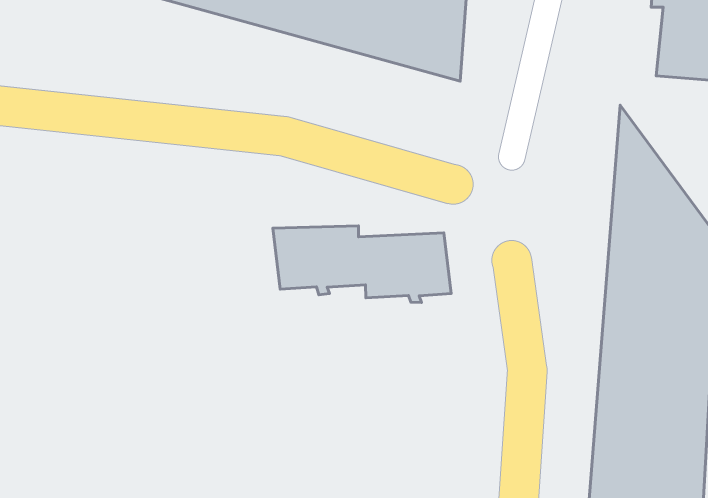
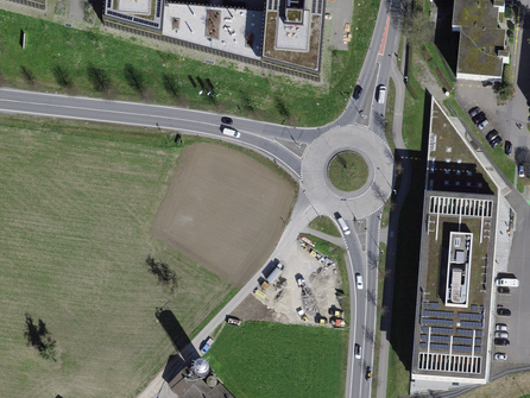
building: [273,226,451,302] -> none

